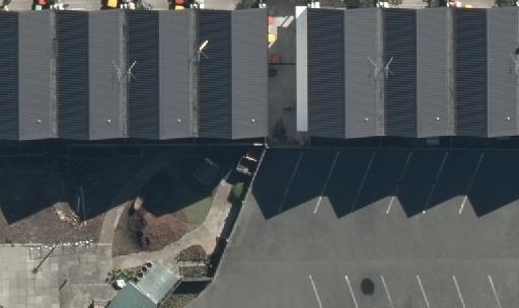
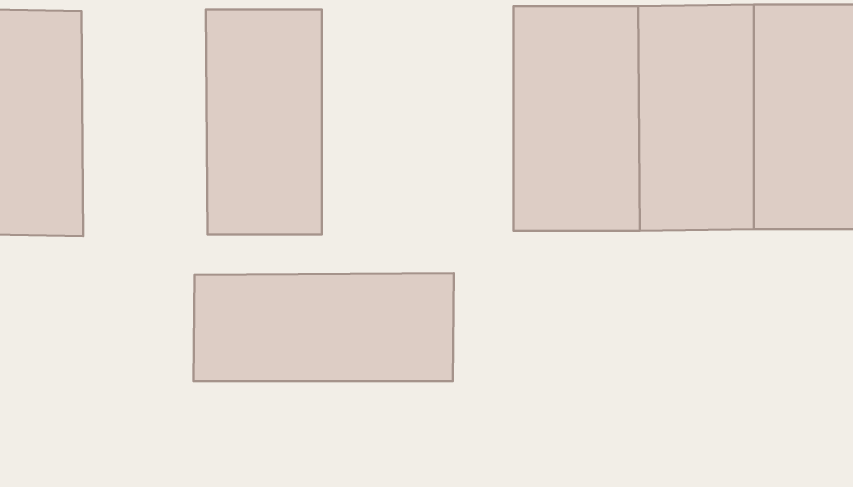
building: [53,8,127,141] -> none
building: [194,8,269,140] -> none
building: none -> [194,273,454,381]

